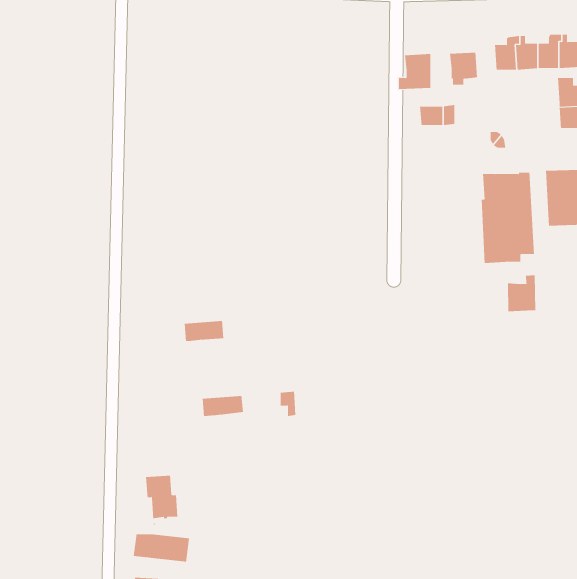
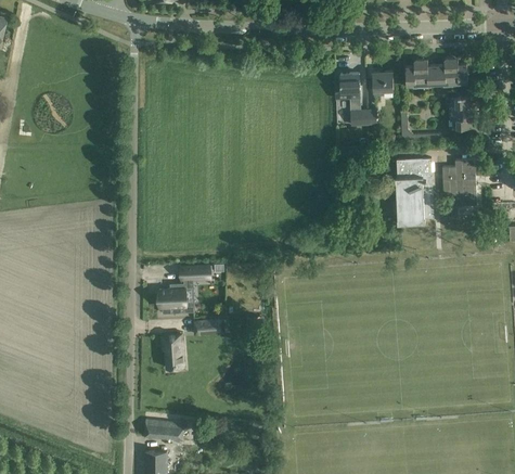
building: [508,275,536,312] -> none
building: none -> [159,283,195,313]
building: [145,475,178,525] -> [162,333,185,369]

